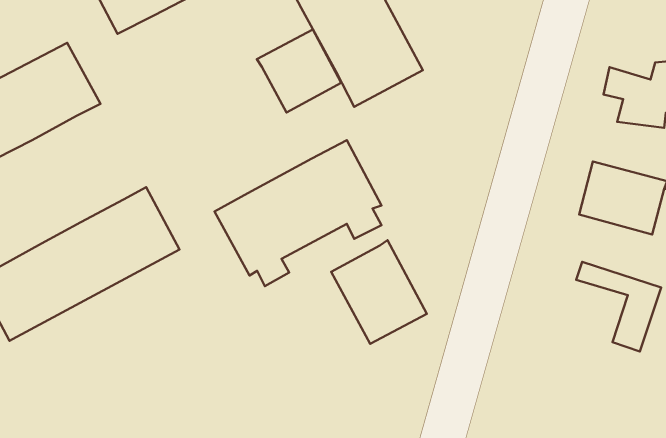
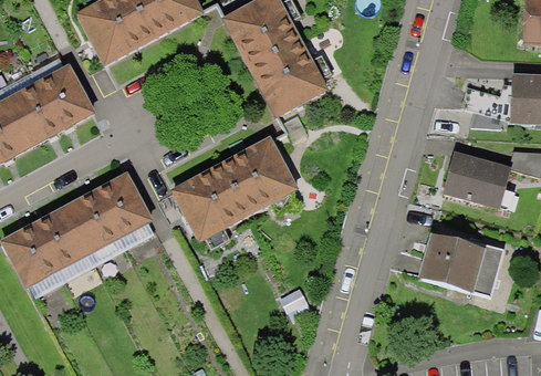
building: [257,29,341,112] -> none
building: [331,240,427,344] -> none
building: none -> [409,236,477,294]

